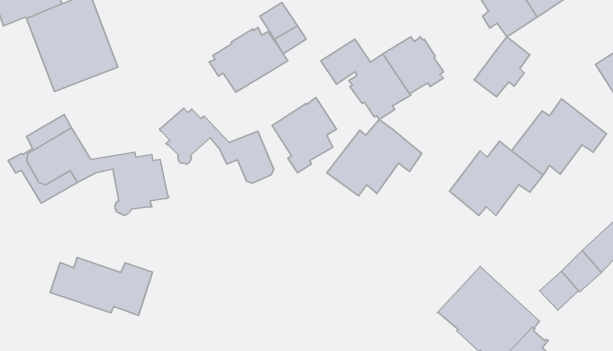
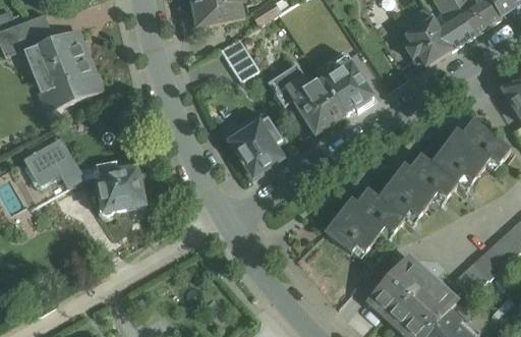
building: [209,28,288,92] -> none
building: [474,37,530,97] -> none
building: [160,108,274,183] -> none
building: [327,119,422,196] -> [324,187,403,251]
building: [50,257,152,316] -> none

